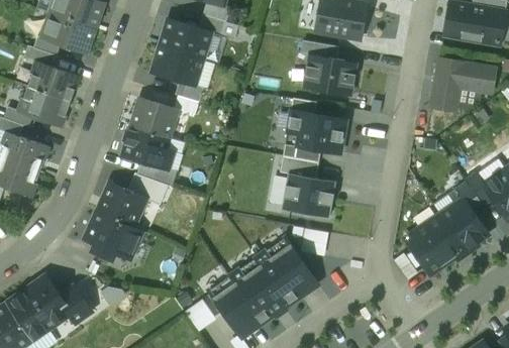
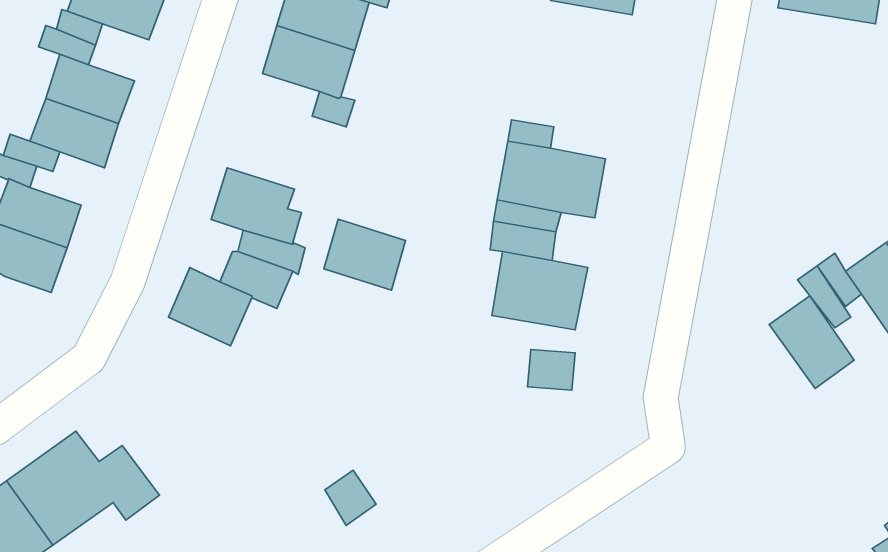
building: [300,47,367,101] -> none
building: [430,59,494,110] -> none
building: [130,98,177,138] -> [324,219,406,290]
building: [84,211,141,259] -> none
building: [406,215,465,274] -> none
building: [208,238,317,337] -> none

